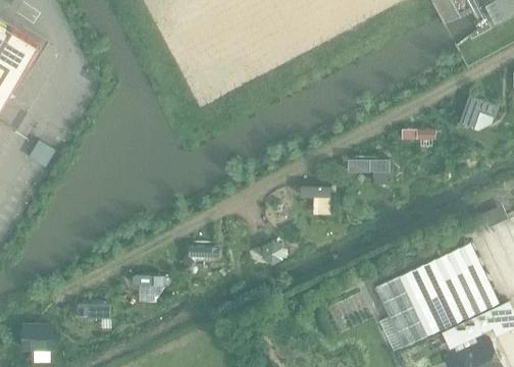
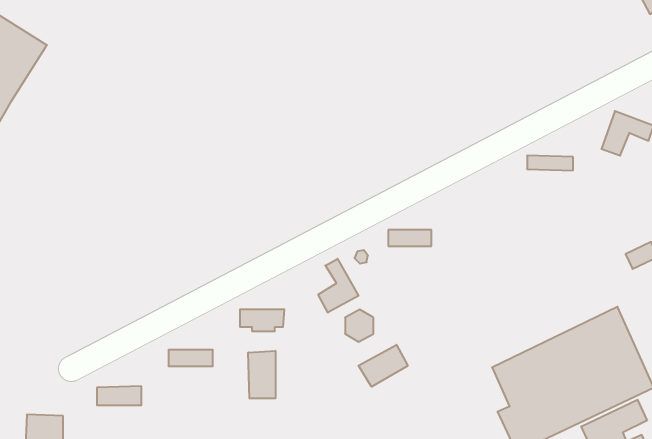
building: [352,156,386,173] -> none
building: none -> [318,259,358,313]
building: none -> [358,345,408,387]
building: none -> [248,351,275,398]

